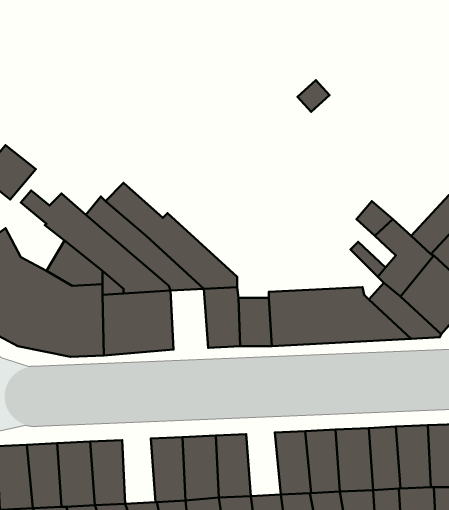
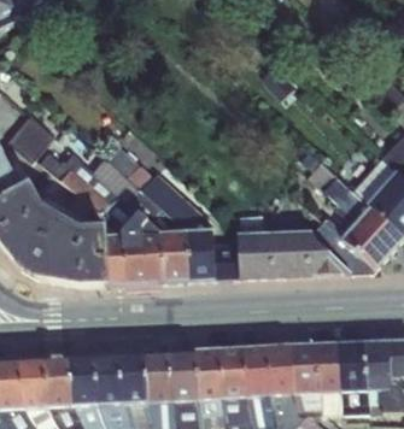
building: none -> [160,233,191,281]
building: none -> [221,347,248,398]
building: none -> [122,352,148,404]

